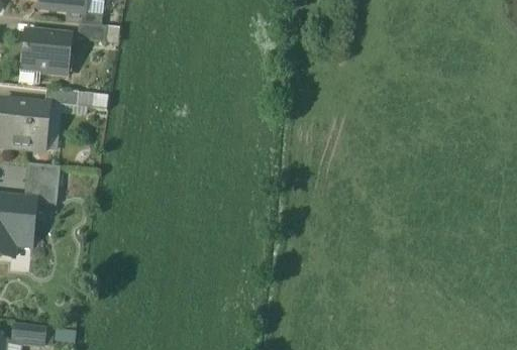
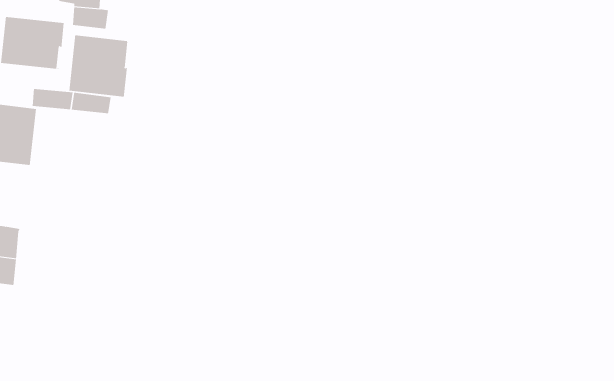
building: none -> [69,35,130,97]
building: [24,162,61,204] -> none

